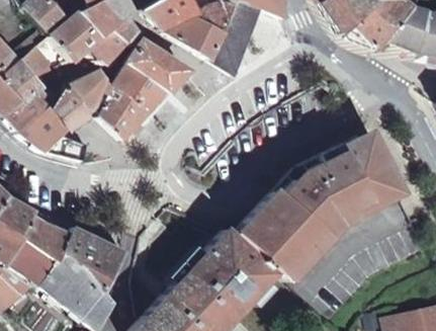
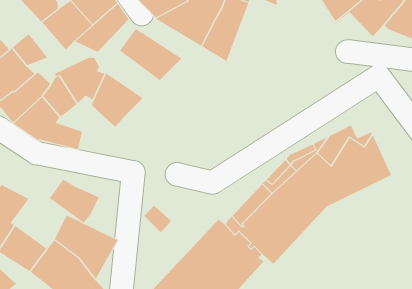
building: [113,63,167,110] -> none
building: [280,187,403,282] -> none
building: [19,216,70,260] -> [49,179,99,224]

